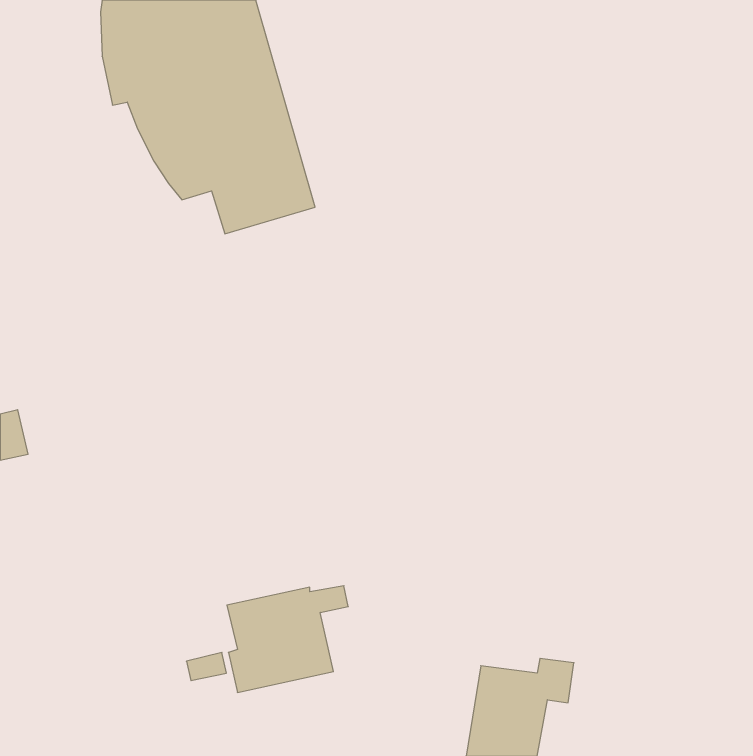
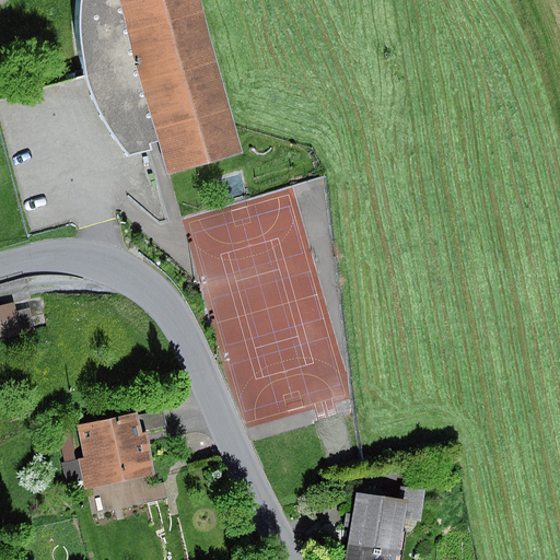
building: [227,586,348,692] -> [79,411,168,490]

